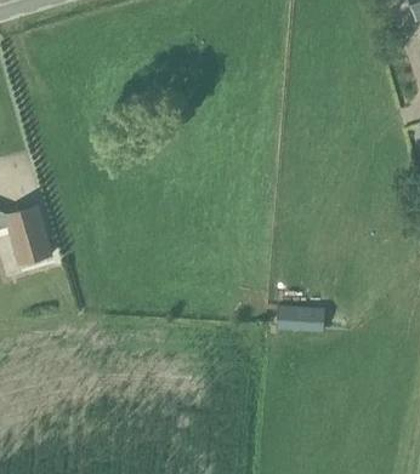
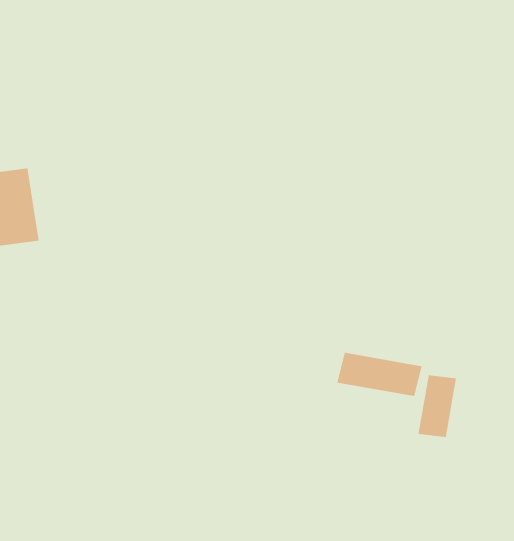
building: none -> [418,375,457,438]

